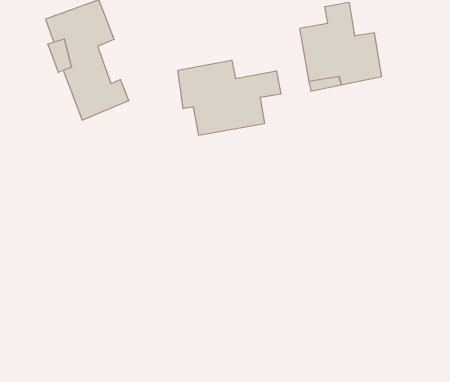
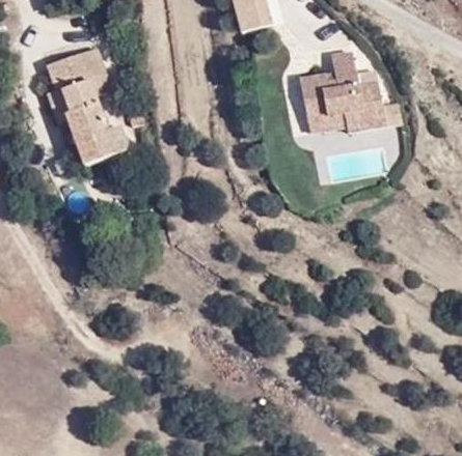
building: [178,60,281,135] -> none

